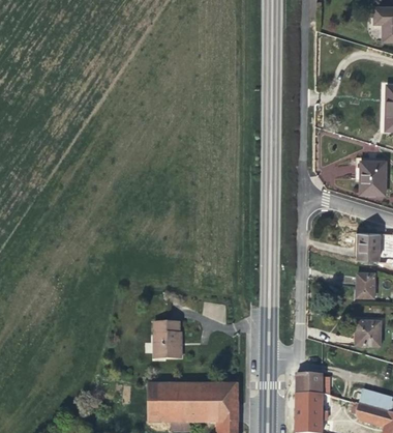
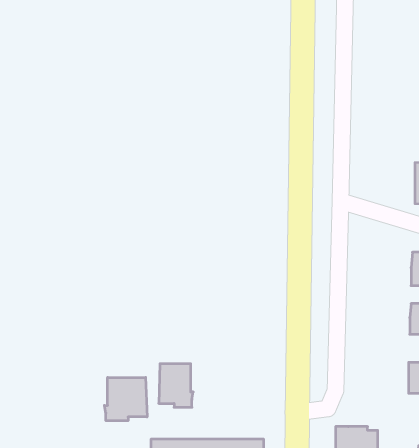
building: none -> [104,377,147,421]

